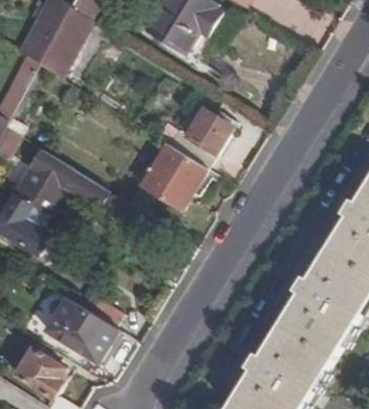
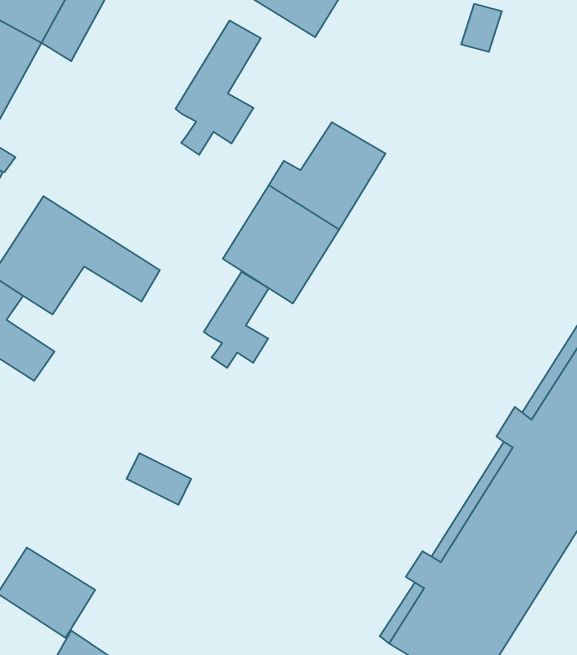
building: none -> [176,20,261,155]
building: none -> [204,272,269,368]
building: [45,299,118,360] -> none

